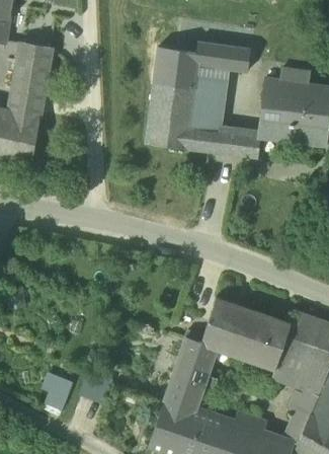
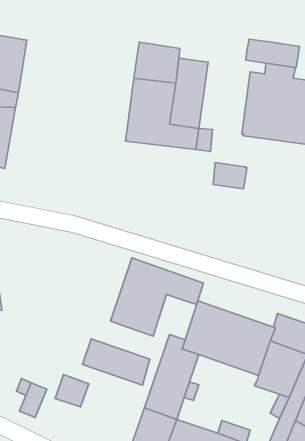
building: [198,43,250,70] -> [246,39,299,68]
building: [229,132,261,157] -> [213,163,247,189]
building: none -> [110,258,203,336]
building: none -> [82,339,150,385]

